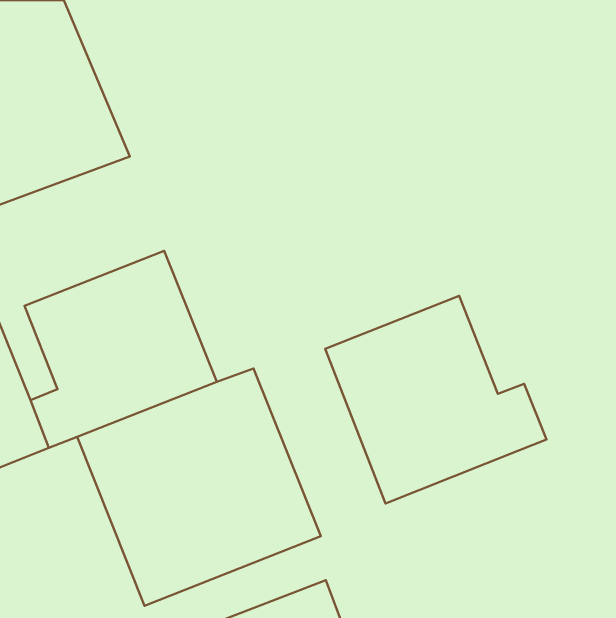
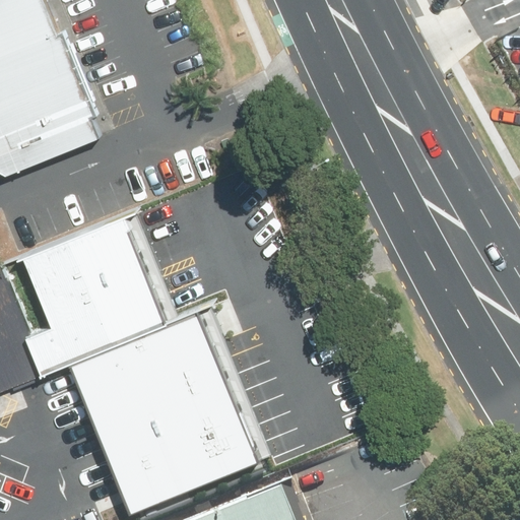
building: [325,296,547,503] -> none

